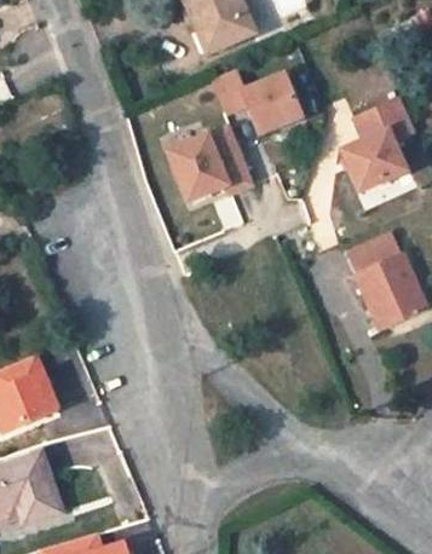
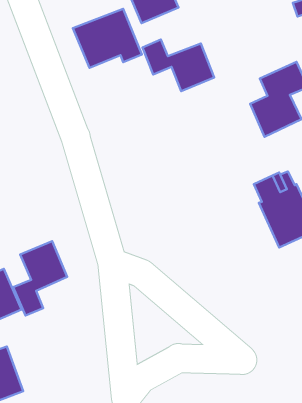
building: [166,128,252,202] -> [73,9,142,68]
building: none -> [13,241,67,315]

